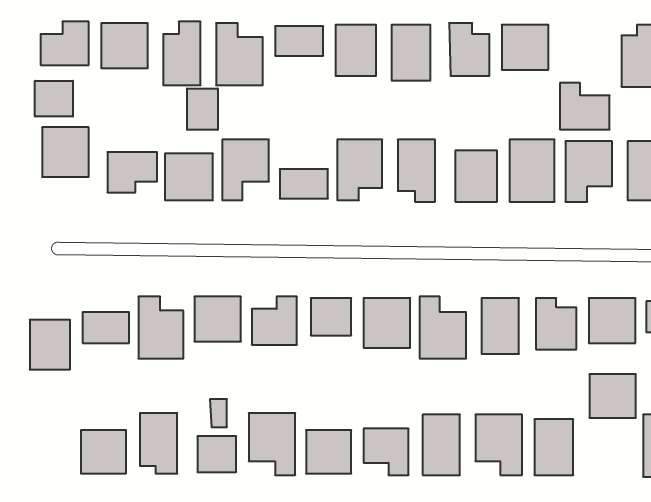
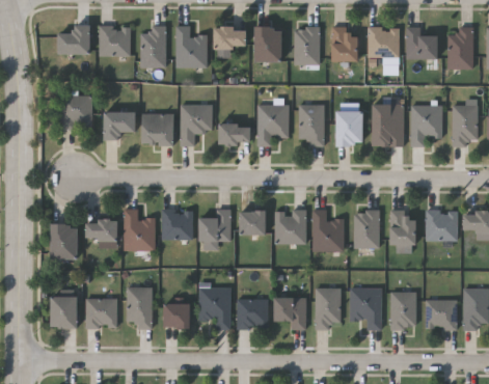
building: [35,81,73,117] -> none
building: [560,83,610,130] -> [406,27,439,58]
building: [187,88,218,130] -> none
building: [589,374,636,418] -> [425,299,456,328]
building: none -> [51,295,79,327]

